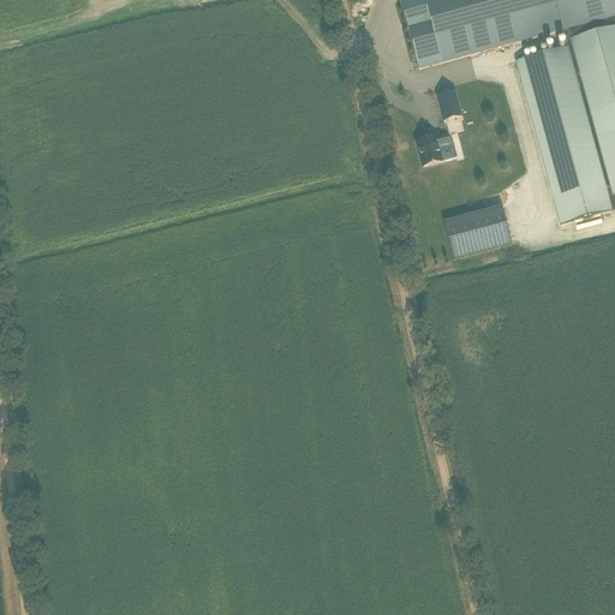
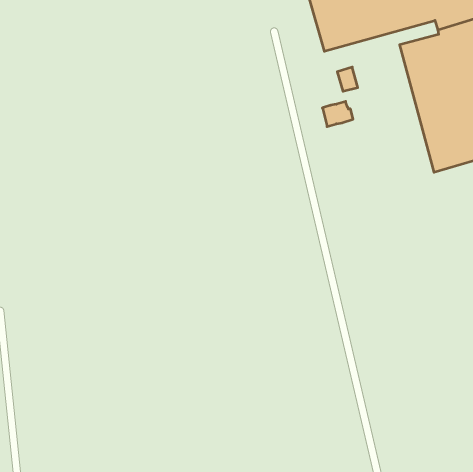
building: [446,203,514,256] -> none

